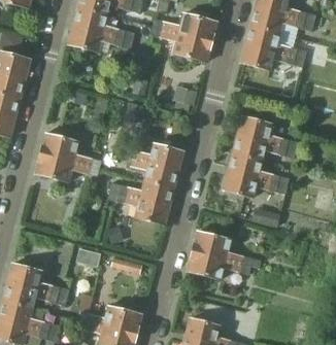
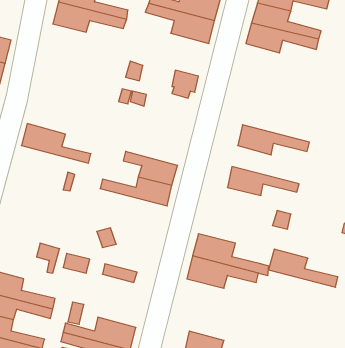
building: [236,115,298,149] -> none
building: [119,143,183,170] -> none
building: [34,152,99,181] -> none
building: [227,152,289,186] -> [269,249,338,287]
building: [107,191,169,225] -> none

